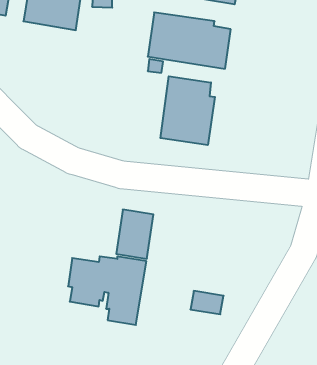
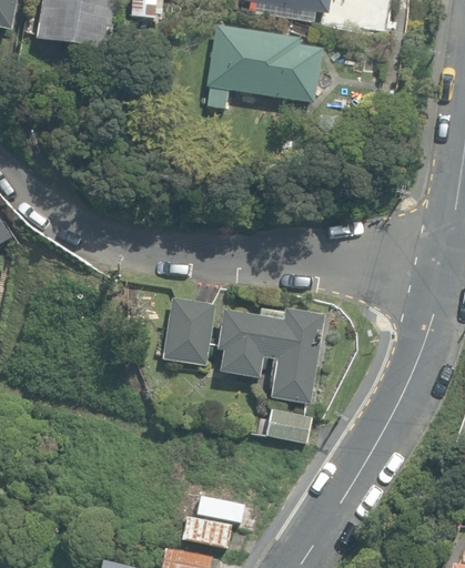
building: [160,76,215,145] -> none
building: [68,256,146,325] -> [218,308,325,403]

